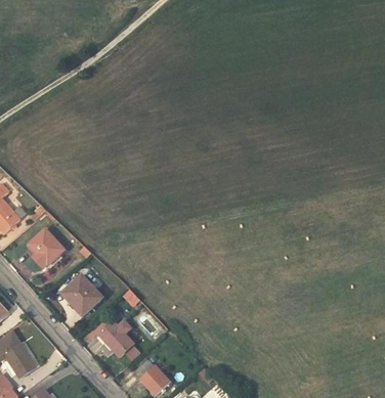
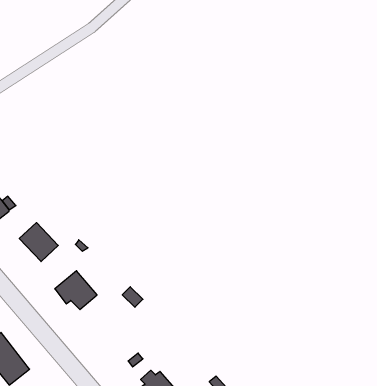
building: [98,320,133,355] -> none

